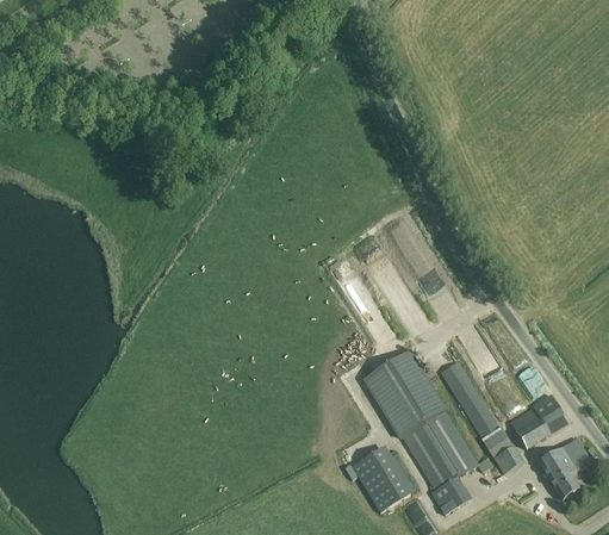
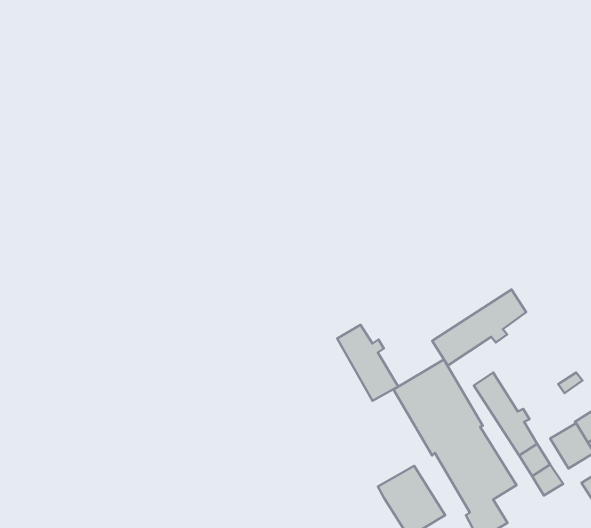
building: none -> [432,290,526,366]
building: none -> [337,325,398,401]

